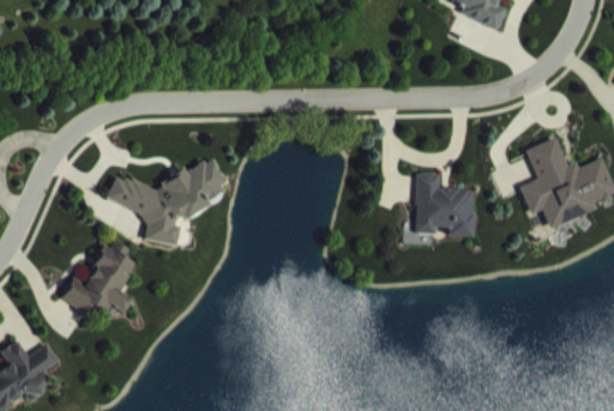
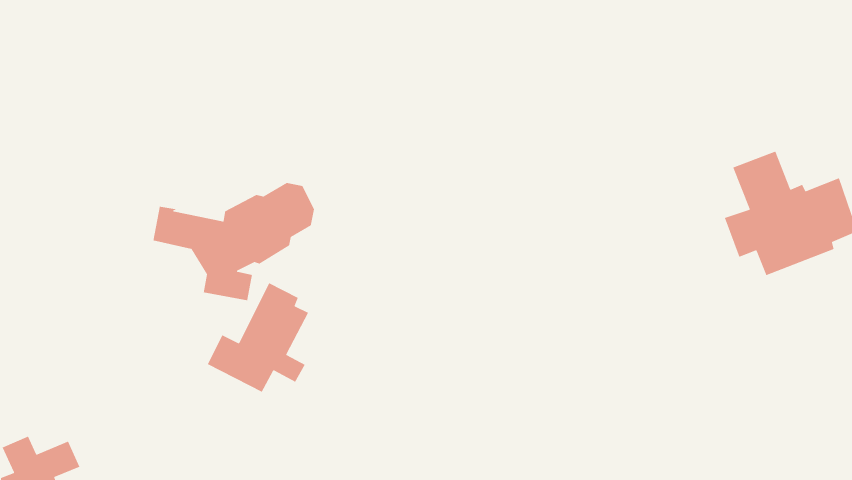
building: [416,171,475,236] -> none
building: [62,240,136,319] -> [207,282,309,393]

